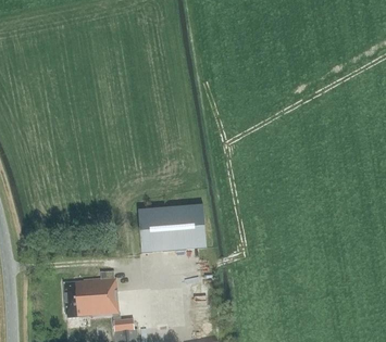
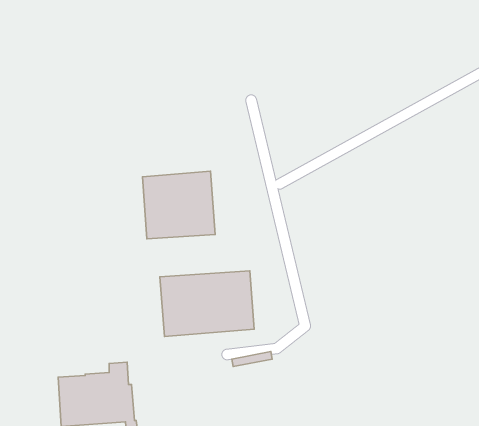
building: none -> [142,171,215,239]

